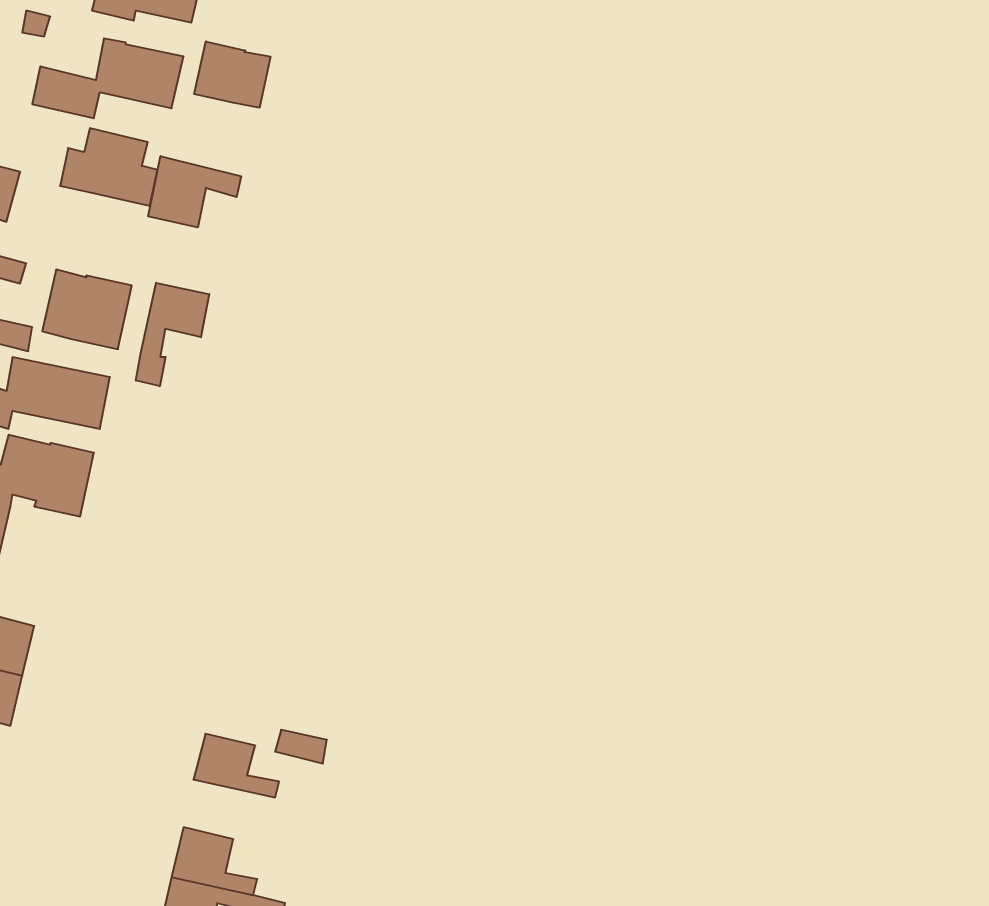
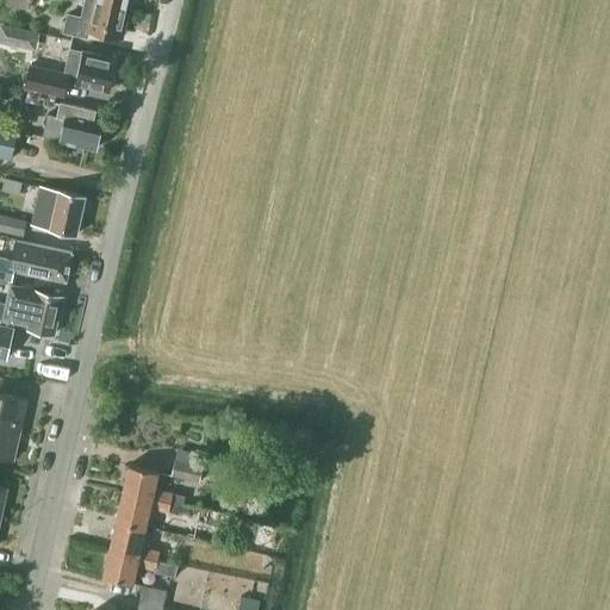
building: [194,41,271,108] -> none
building: [148,156,241,227] -> none
building: [136,283,209,386] -> none
building: none -> [116,493,170,529]

